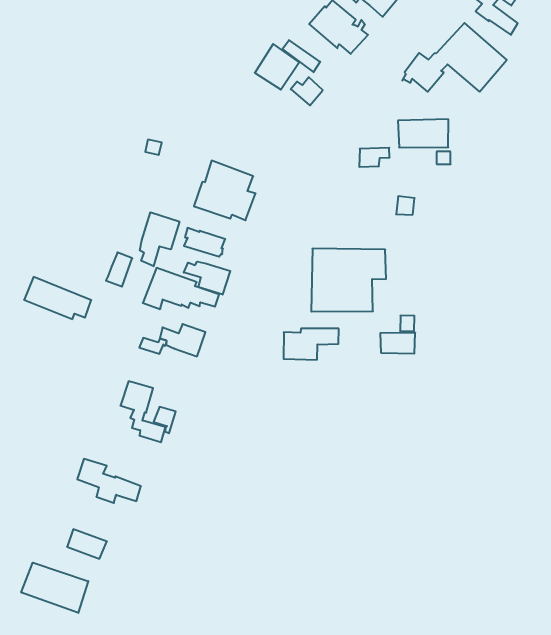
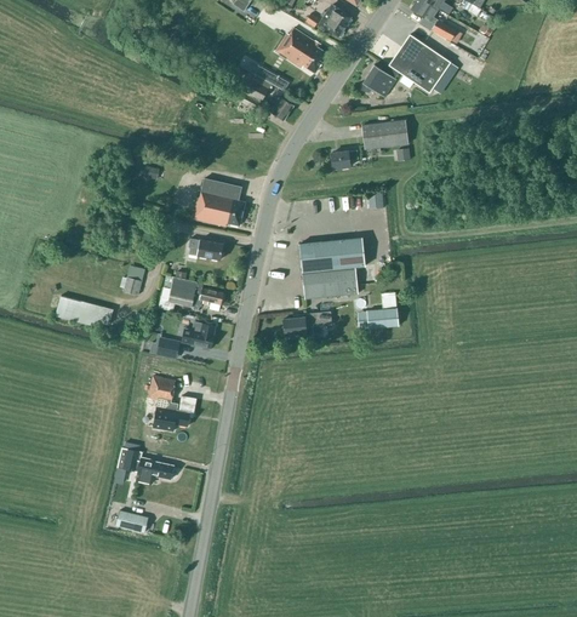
building: [140,212,179,266] -> none
building: [184,262,230,295] -> none
building: [21,563,88,613] -> none

